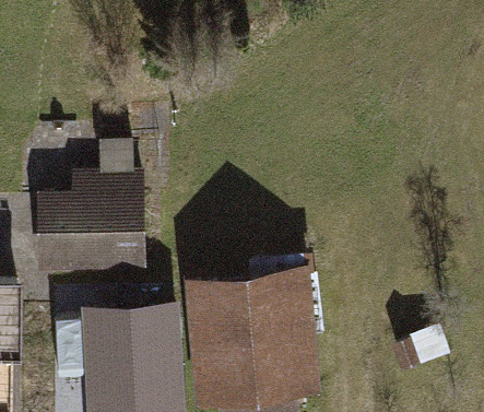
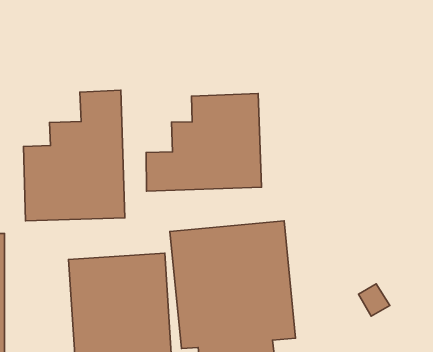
building: none -> [146,94,261,191]

